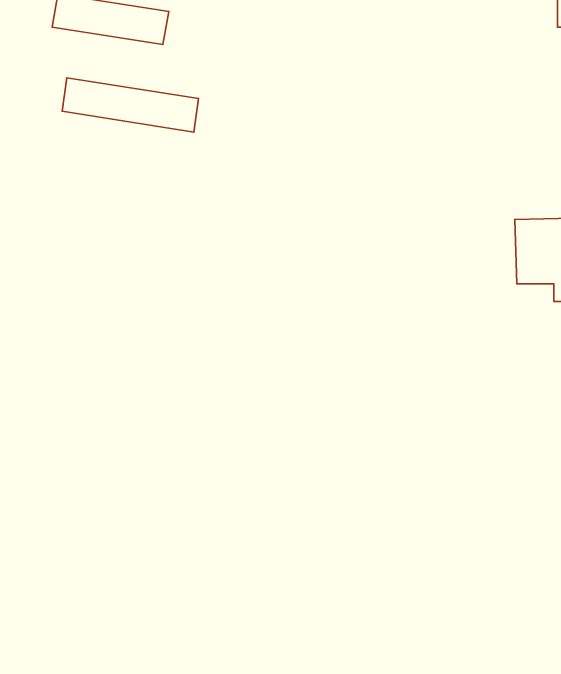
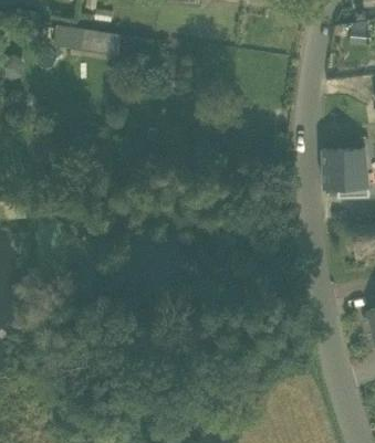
building: [62,78,198,132] -> none

